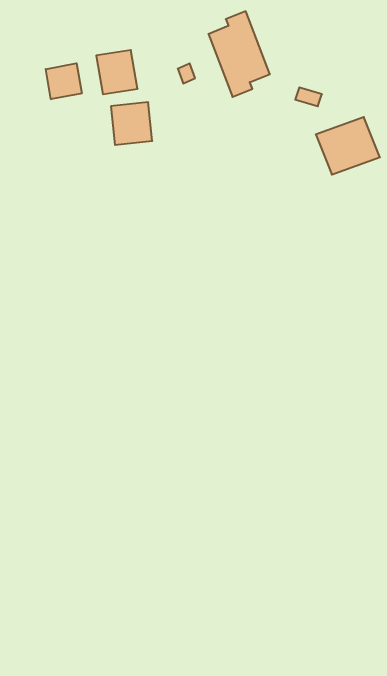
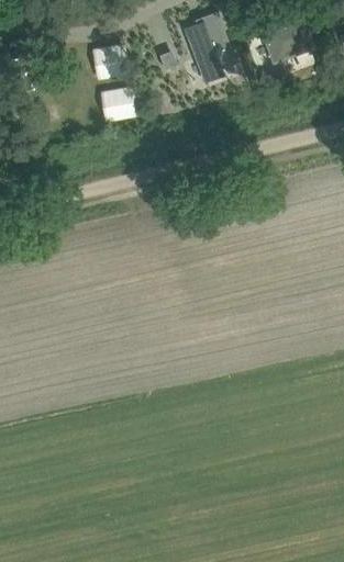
building: [46,63,82,99] -> none
building: [316,117,380,175] -> [259,14,312,61]

